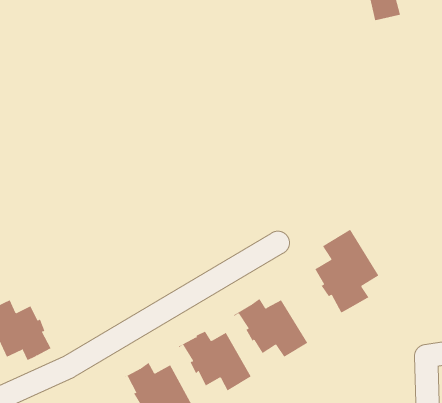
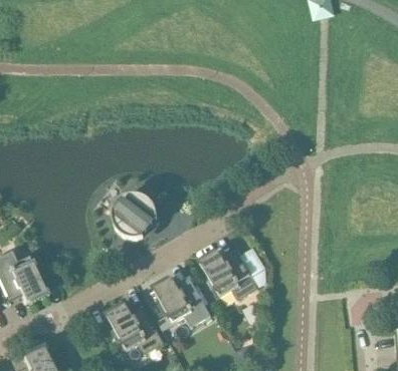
building: [315,229,379,315] -> none
building: none -> [114,193,158,238]

